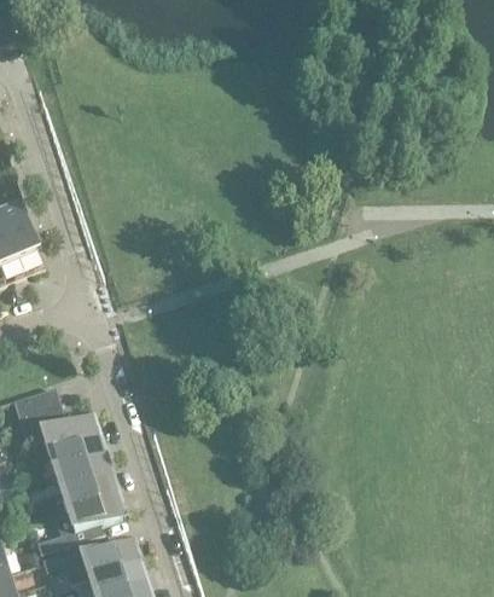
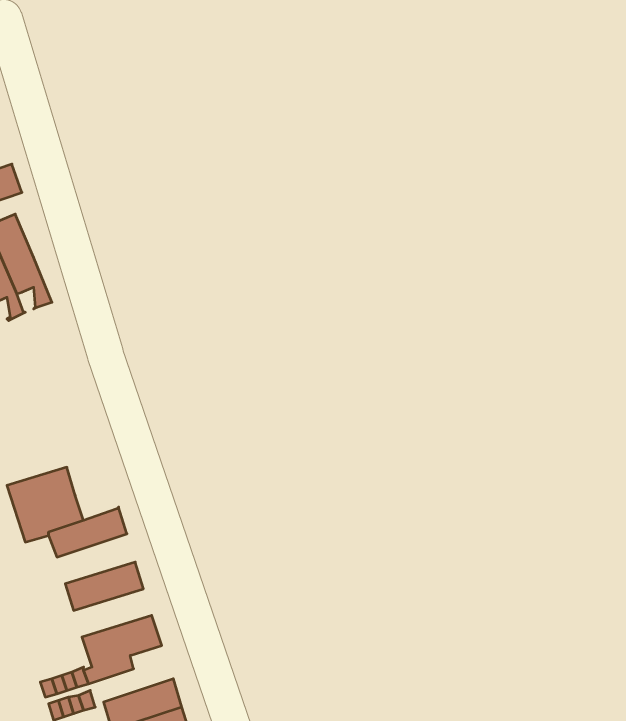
building: [47,433,104,469] -> none
building: [59,473,116,508] -> none

